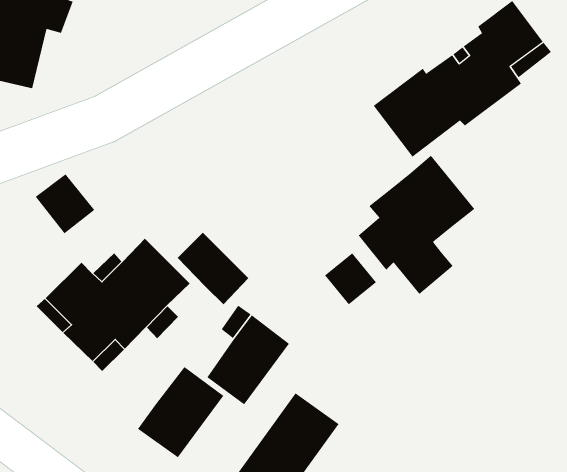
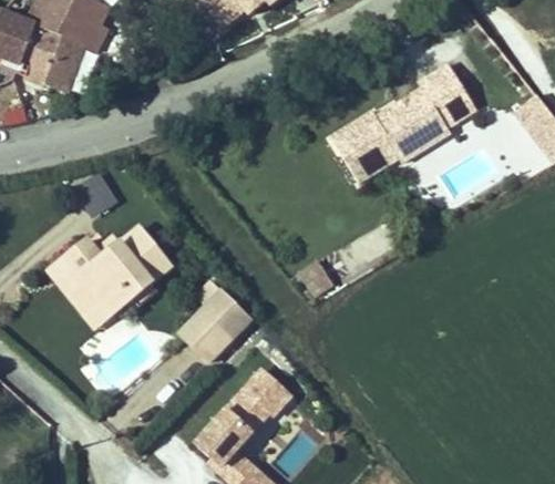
building: [358,155,475,295] -> none
building: [177,232,249,305] -> none
building: [137,366,224,458] -> none

